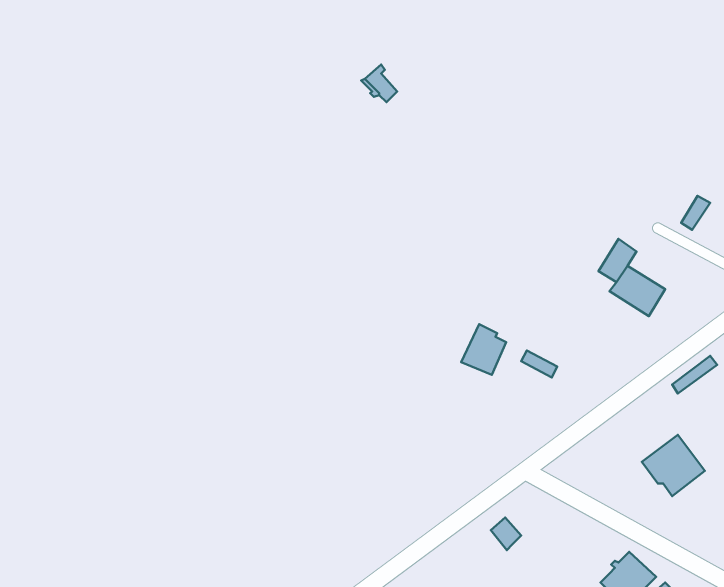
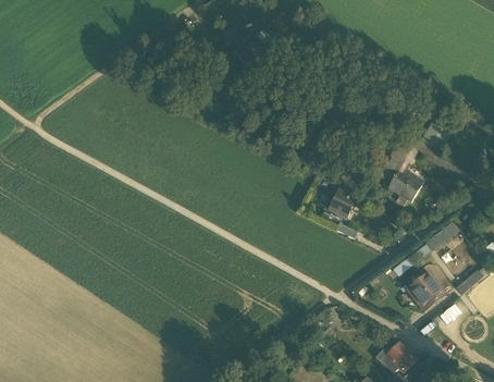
building: [461,324,506,375] -> [328,186,355,217]

